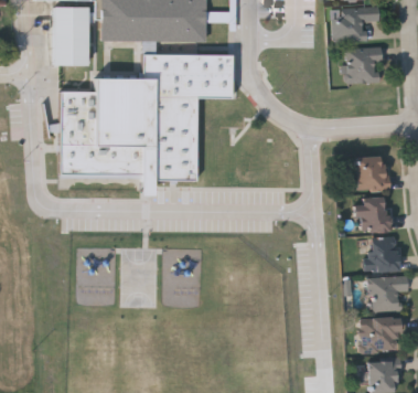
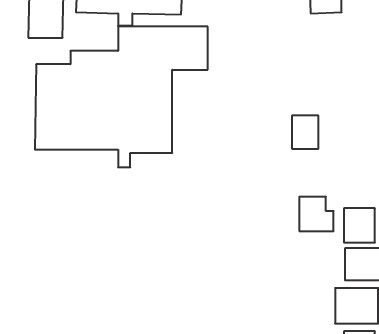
building: [346,49,381,83] -> none
building: [356,156,383,189] -> [292,116,318,149]
building: [356,197,390,231] -> [299,197,334,231]

